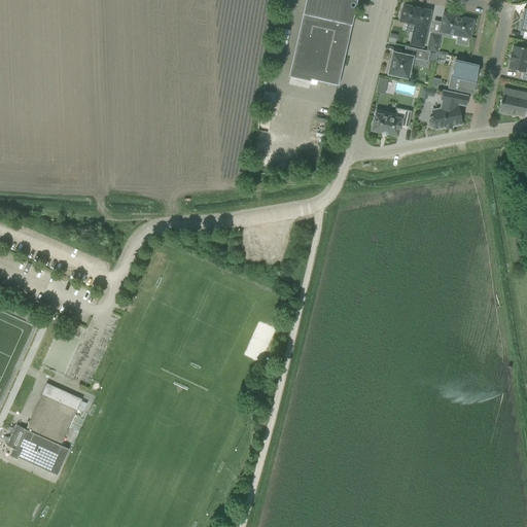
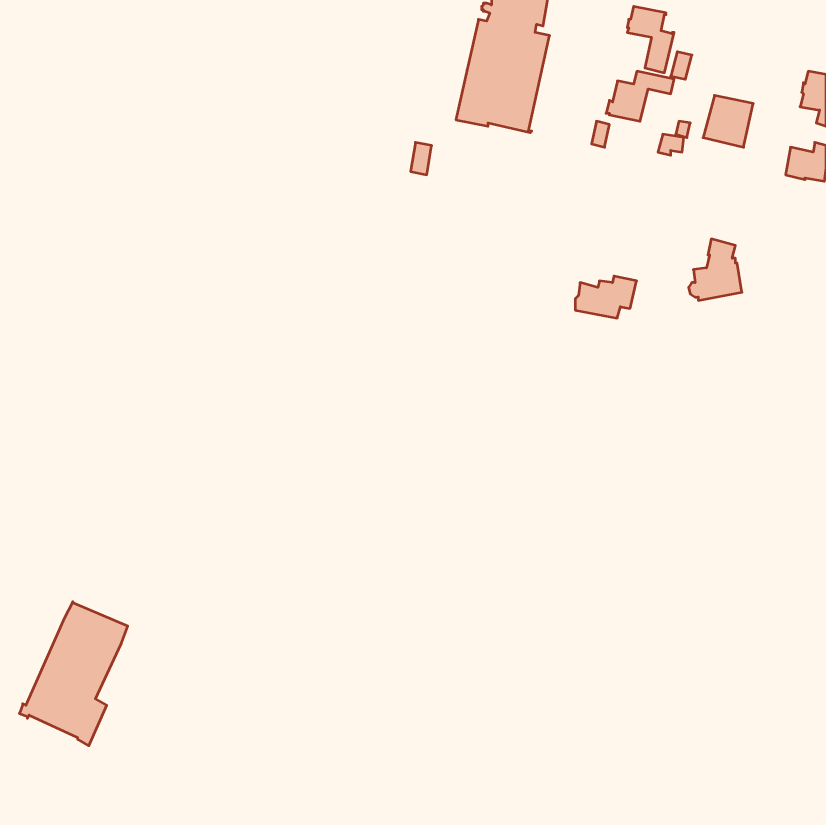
building: [440,12,476,37] -> none
building: [429,90,463,129] -> [689,239,742,300]
building: [372,108,411,135] -> [575,276,637,318]

